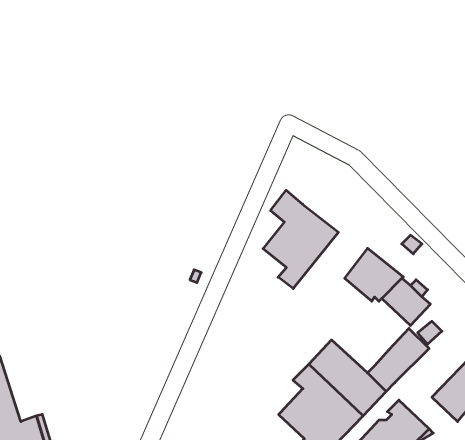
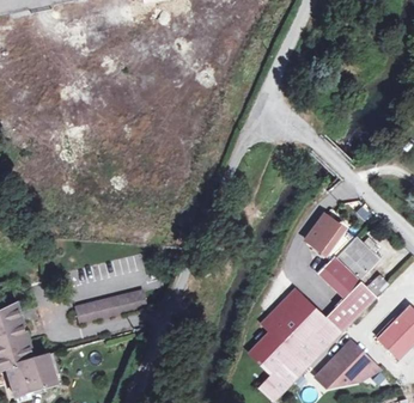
building: [263,190,338,289] -> none
building: none -> [316,255,359,299]
building: none -> [74,291,146,324]

